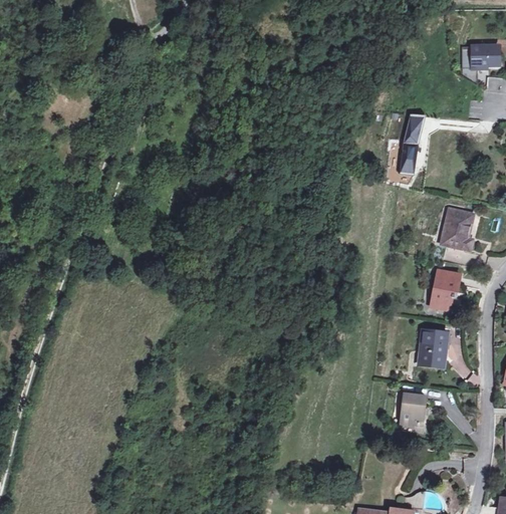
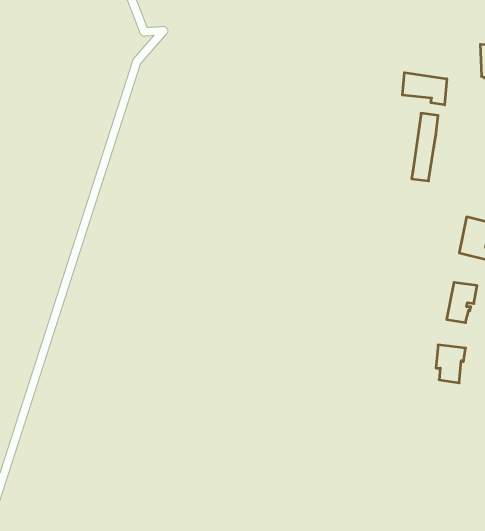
building: none -> [402,73,447,105]
building: [402,393,427,424] -> none

